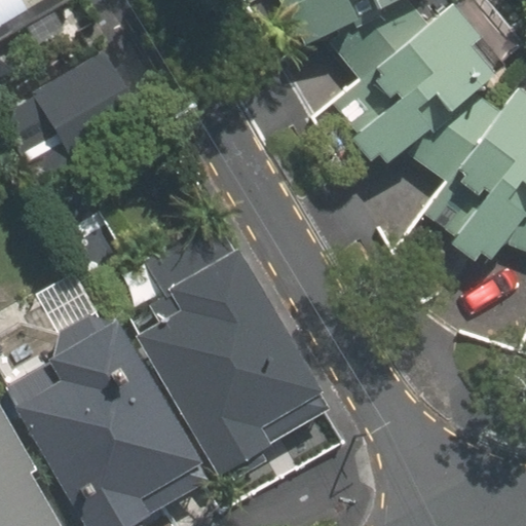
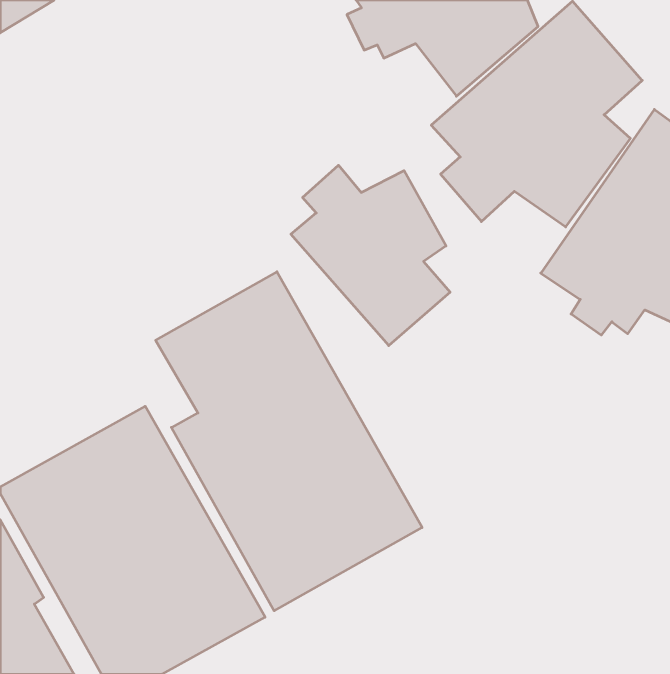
building: [34,50,143,154] -> none
building: none -> [291,165,450,346]

